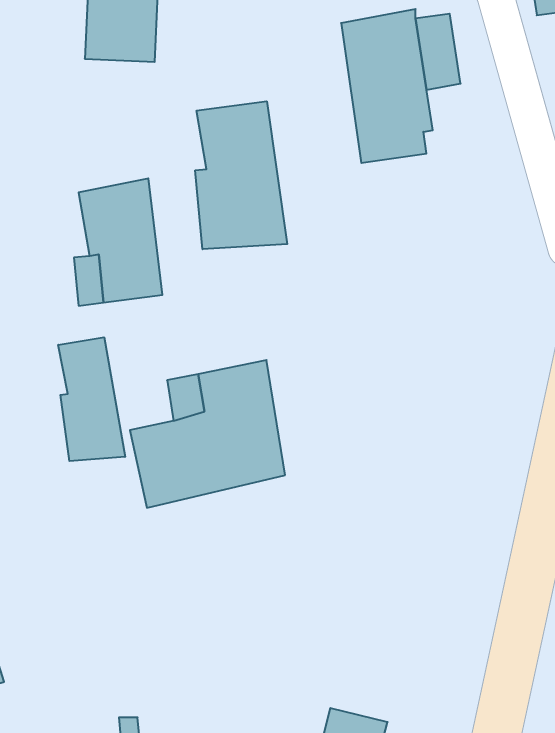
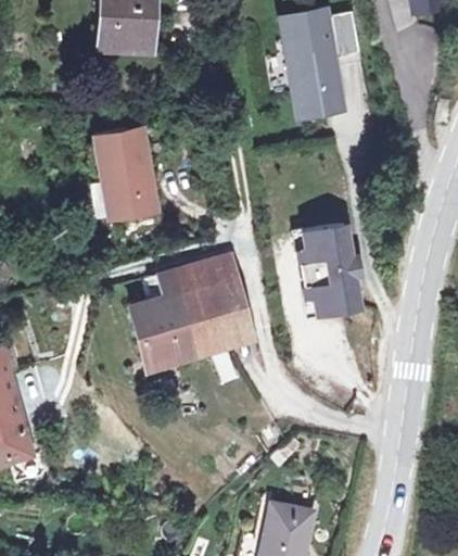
building: [195,101,287,249] -> none
building: none -> [309,217,362,305]
building: [58,337,125,461] -> none

